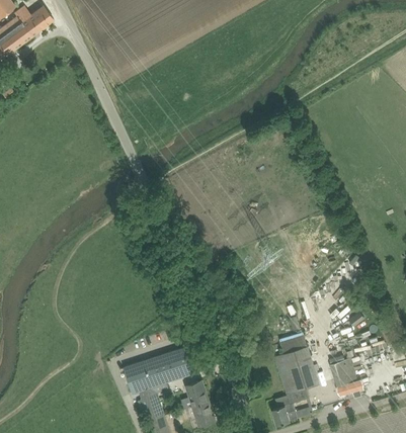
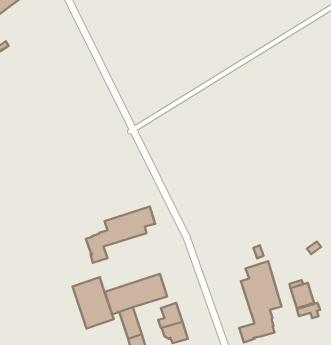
building: none -> [86,206,155,263]
building: none -> [73,277,114,328]

